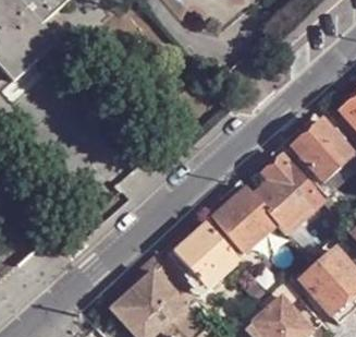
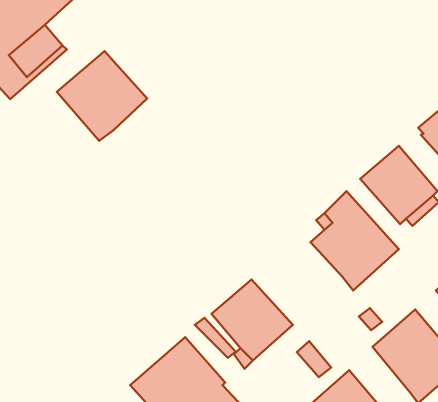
building: none -> [57,51,147,141]
building: [211,186,278,252] -> none

